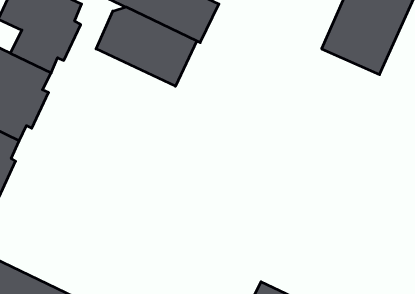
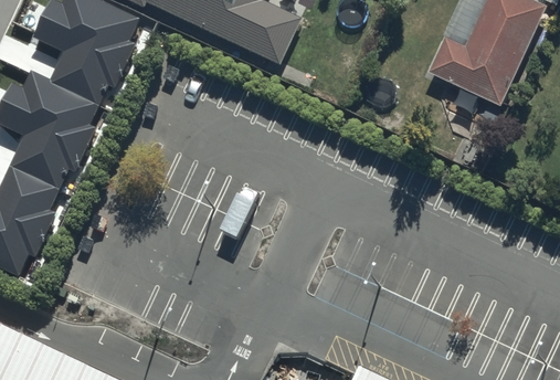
building: [96,7,197,86] -> none

